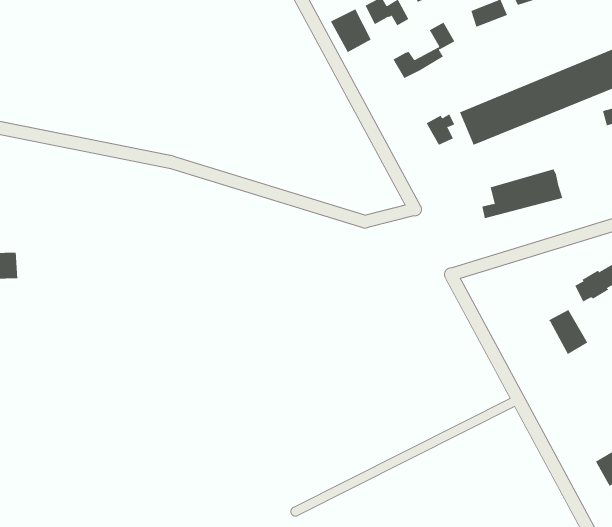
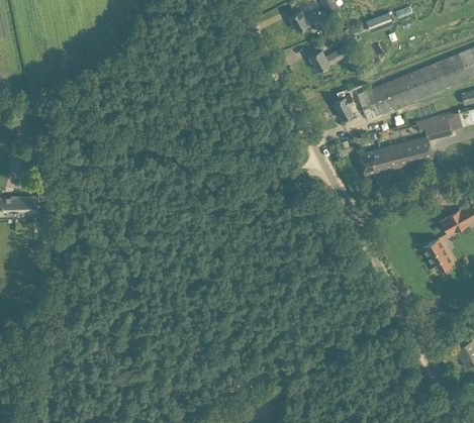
building: [330,8,371,53] -> none
building: none -> [423,111,460,136]
building: none -> [360,148,383,175]

